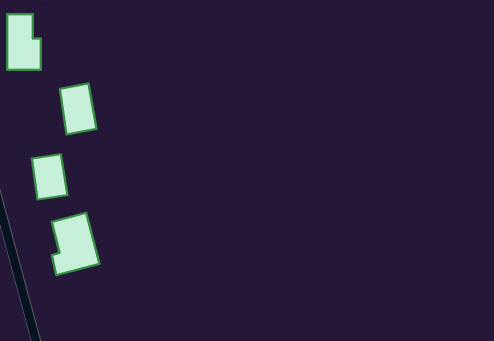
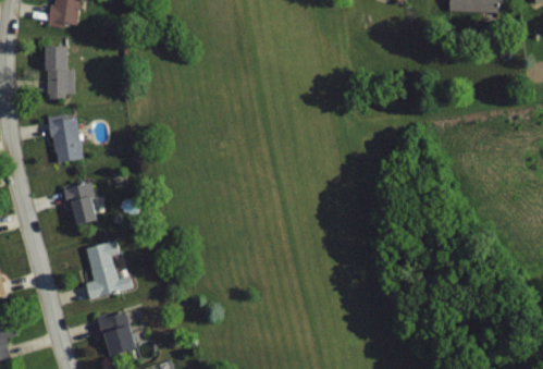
building: [60,83,96,134] -> [48,112,84,162]
building: none -> [98,310,134,355]

